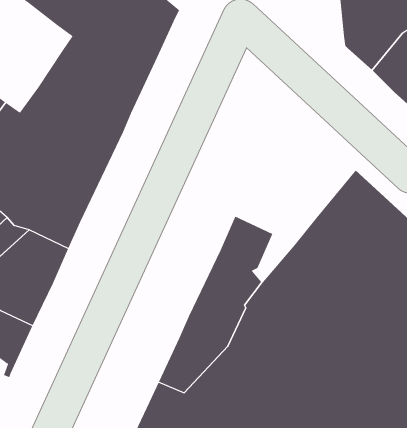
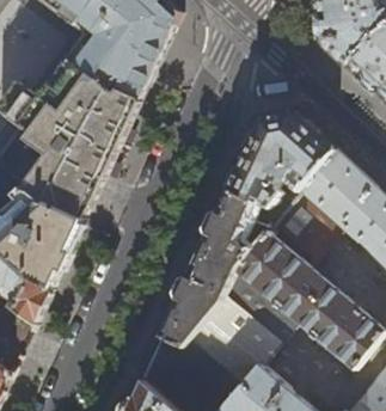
building: none -> [228,110,333,209]

